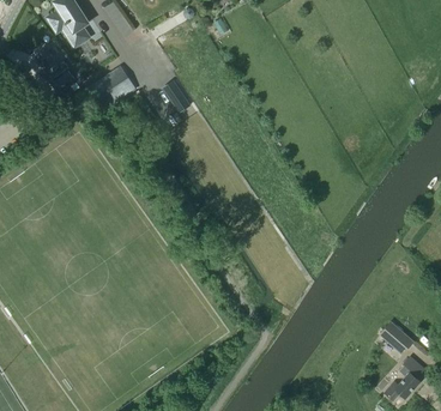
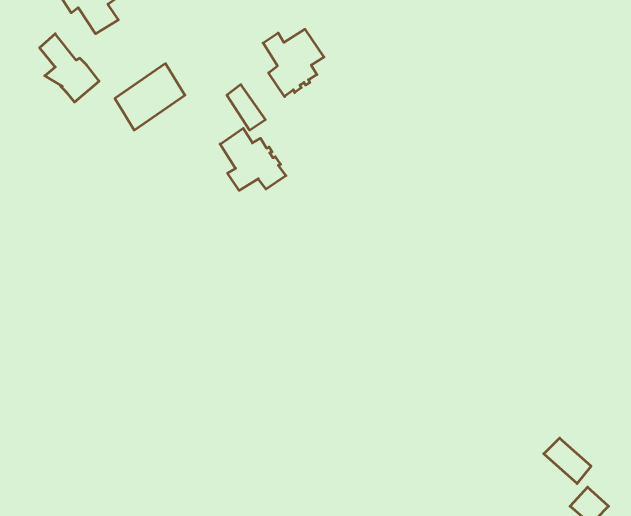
building: none -> [263,29,324,97]
building: none -> [220,128,286,190]

